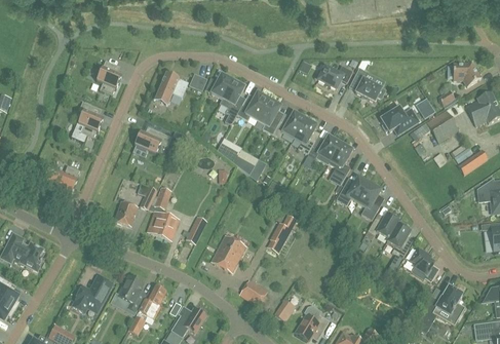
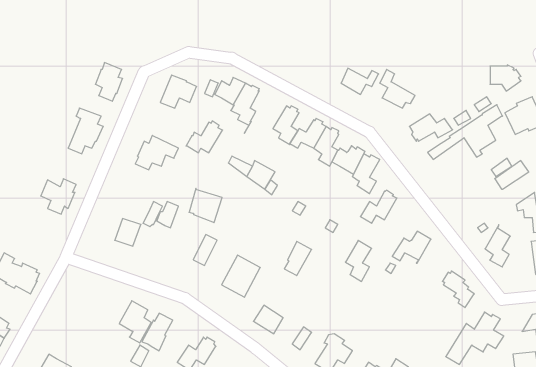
building: [236,91,269,120] -> [186,121,223,153]
building: [357,183,381,220] -> [345,240,372,281]
building: [148,211,178,241] -> [189,188,222,223]
building: [387,220,410,258] -> [485,225,510,267]
building: [73,276,112,313] -> none

